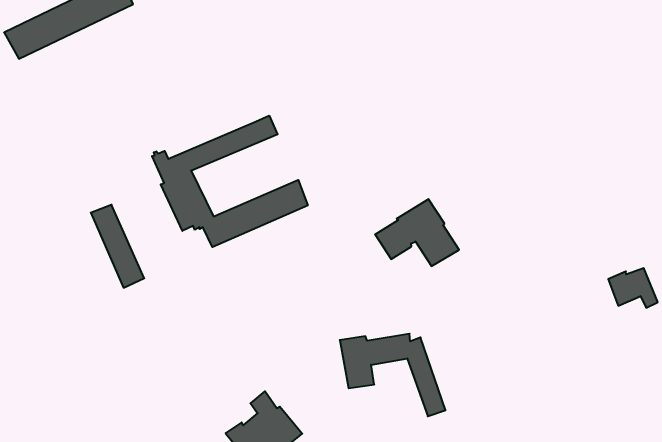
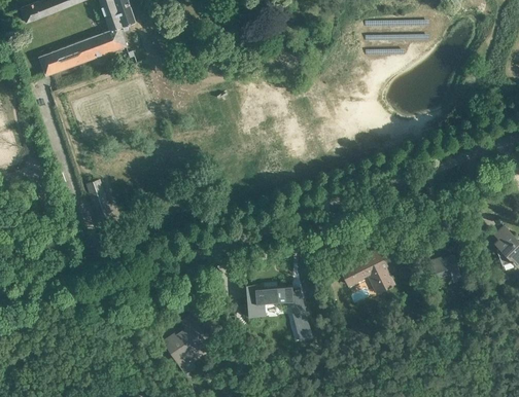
building: [152,116,308,247] -> none
building: [375,199,459,266] -> [340,249,395,294]

